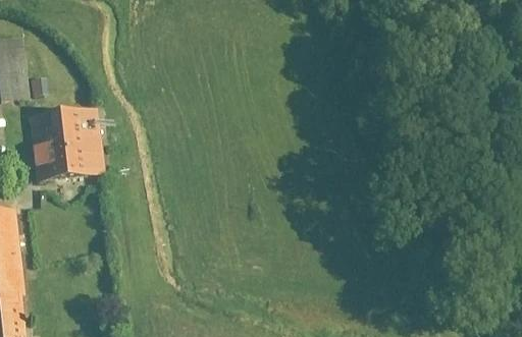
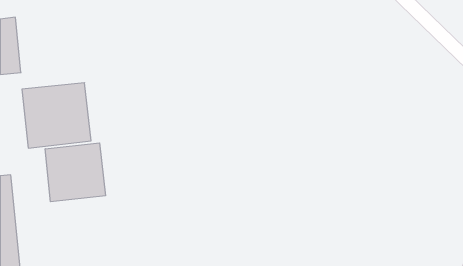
building: none -> [45,143,105,202]

